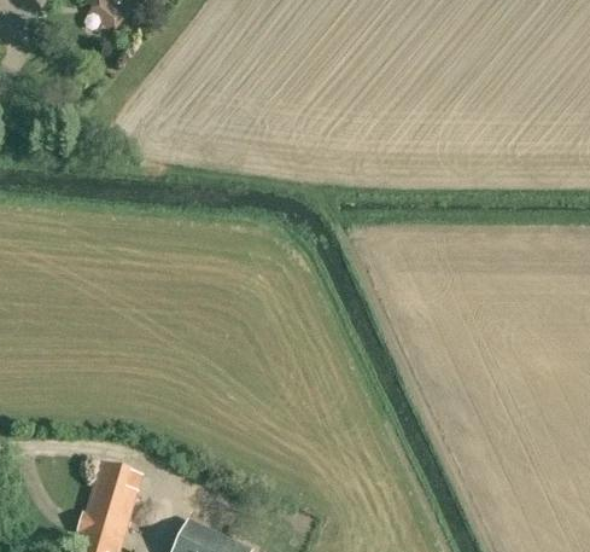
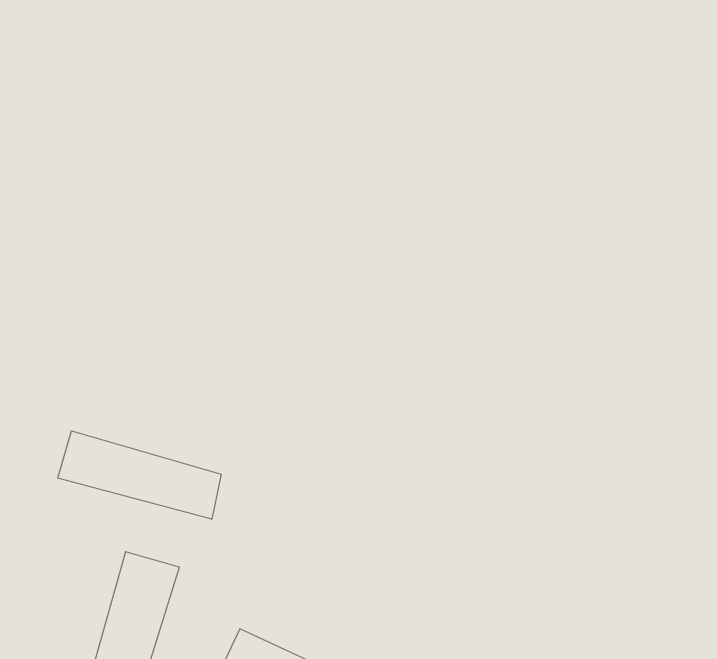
building: none -> [58,431,221,519]

